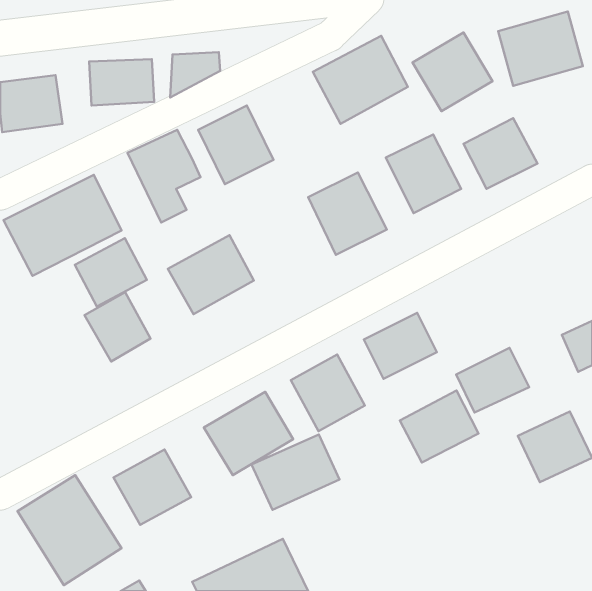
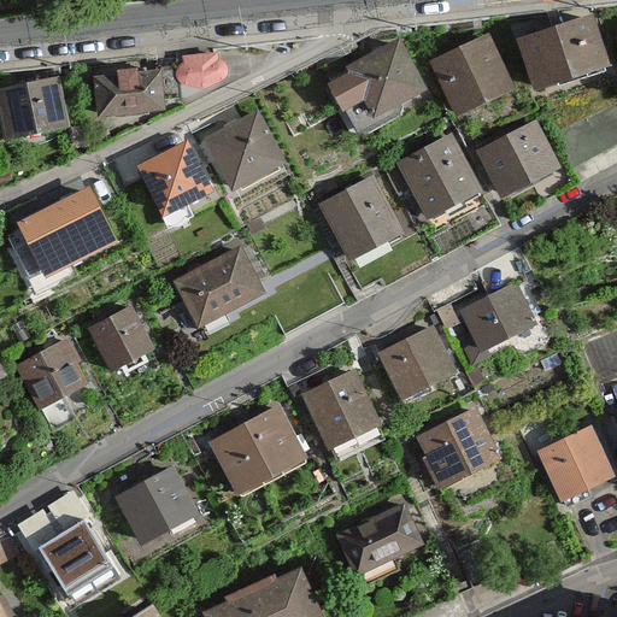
building: [75,238,147,306] -> [14,341,89,412]
building: [456,348,529,413] -> [464,287,540,354]
building: [252,434,340,510] -> [333,499,424,577]

